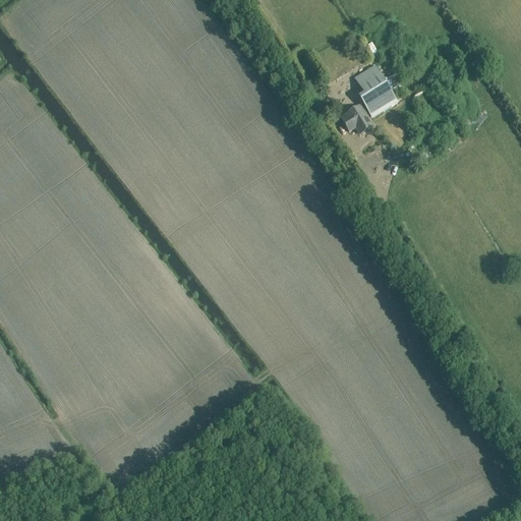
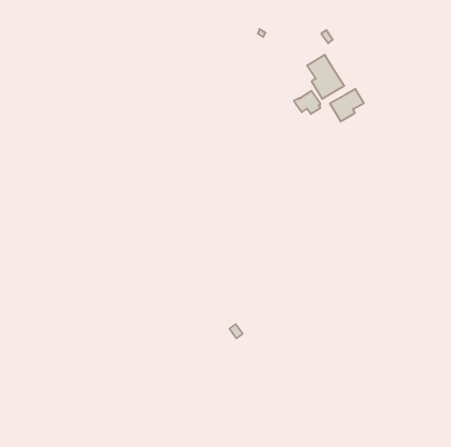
building: none -> [330,89,364,122]

